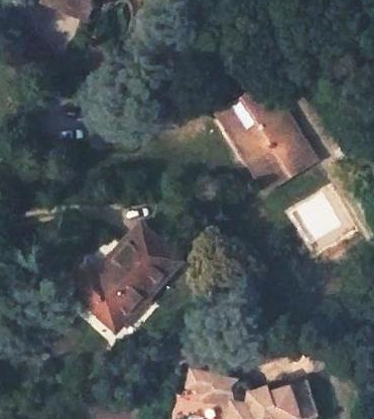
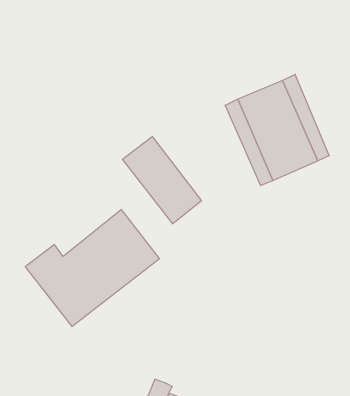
building: none -> [123,137,201,224]

